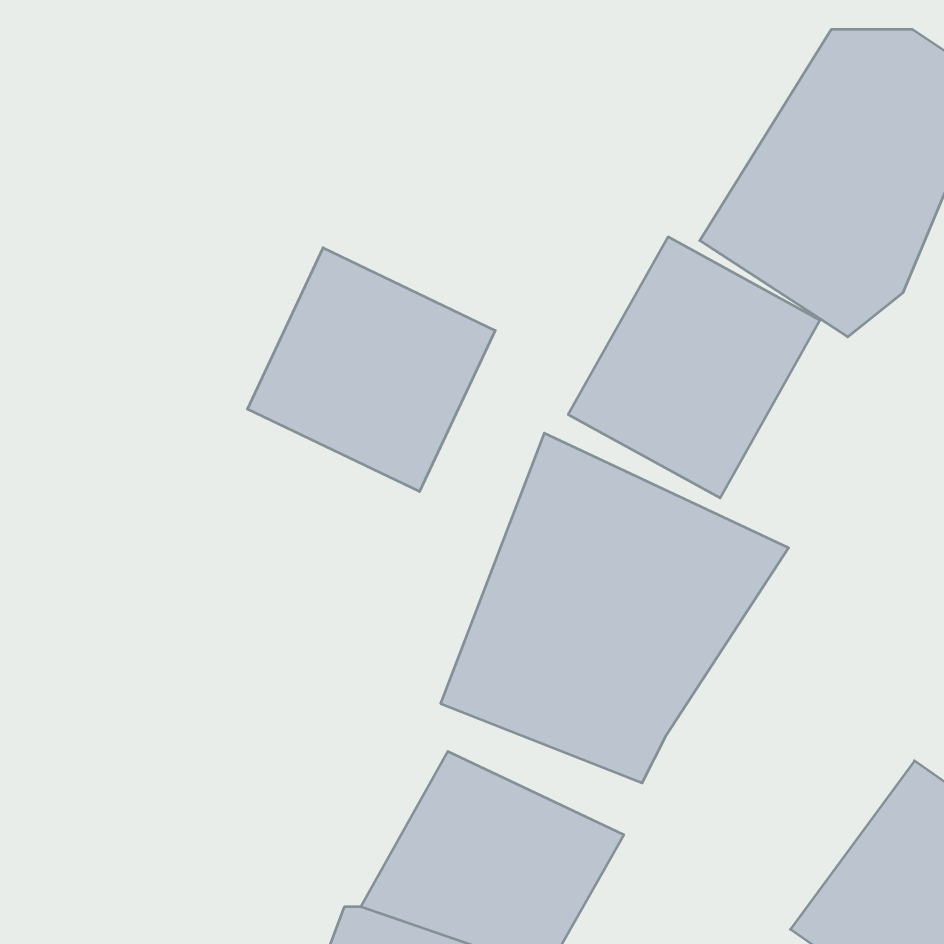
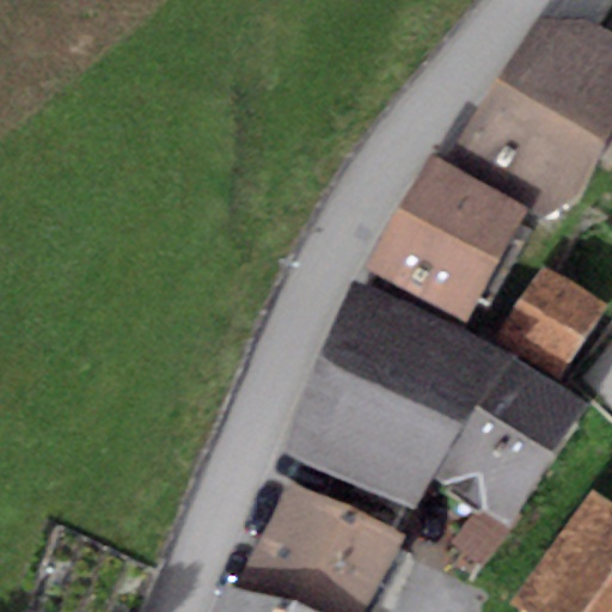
building: [247,248,495,492] -> none
building: none -> [497,267,606,379]
building: none -> [432,355,587,525]

